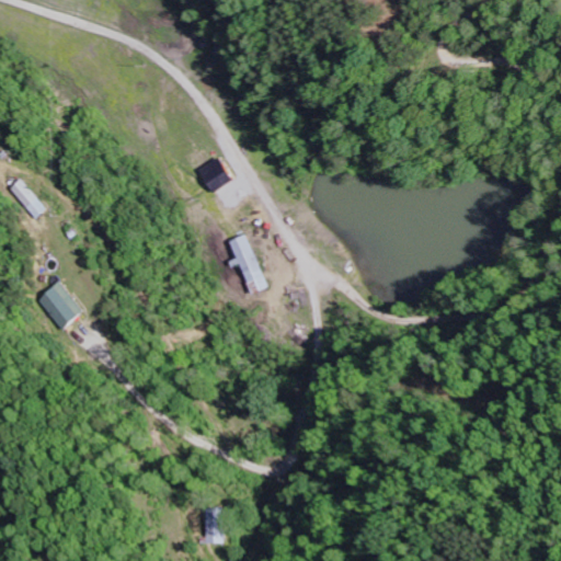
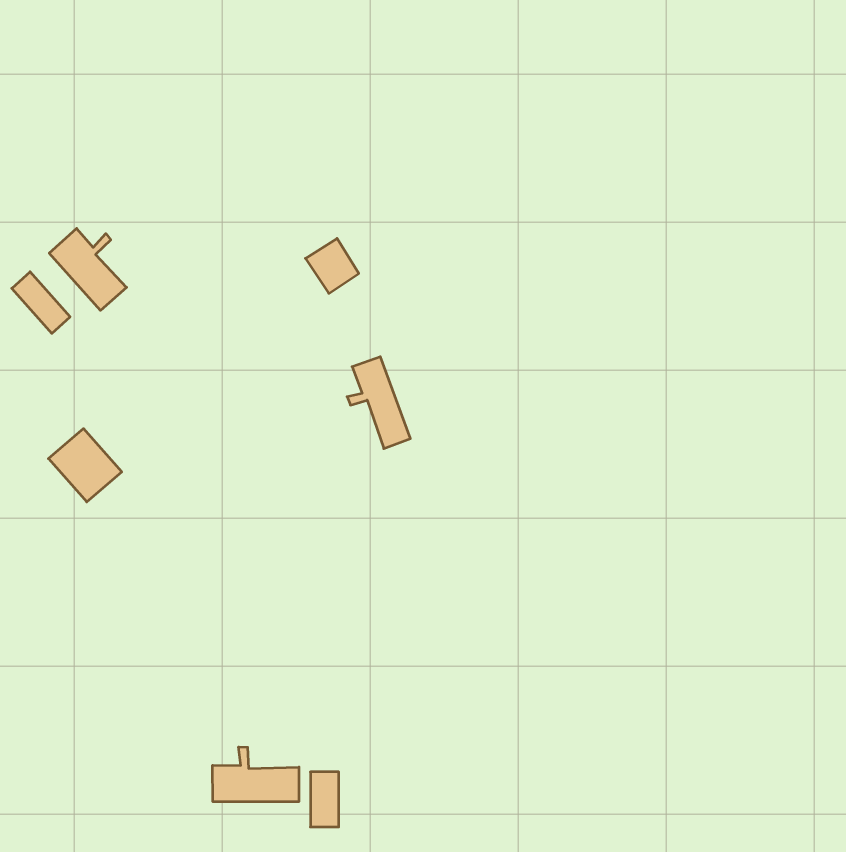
building: none -> [49,228,127,310]
building: none -> [213,747,299,802]

